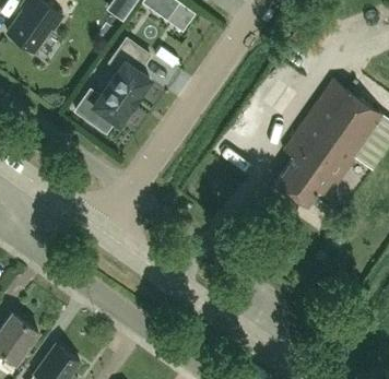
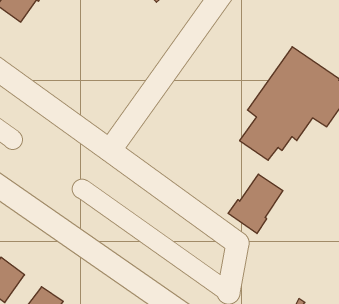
building: [76,39,151,135] -> none
building: none -> [228,174,283,234]

